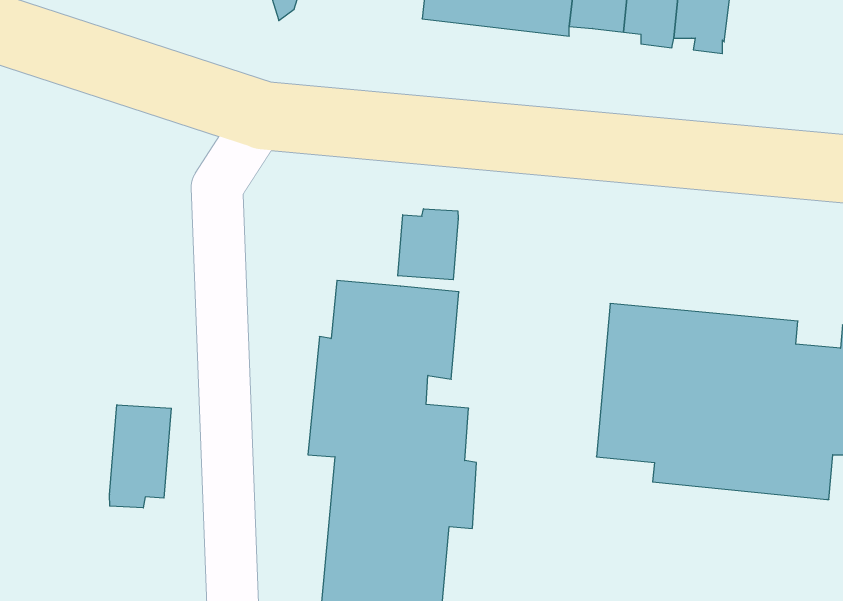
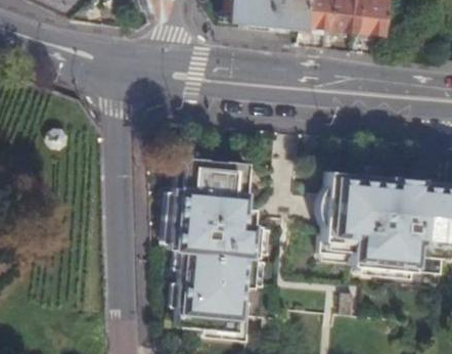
building: [398,209,458,280] -> none
building: [110,405,171,508] -> none

